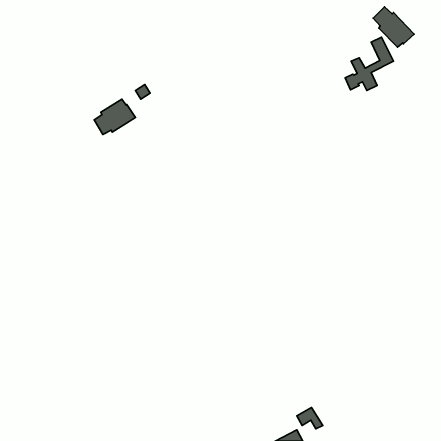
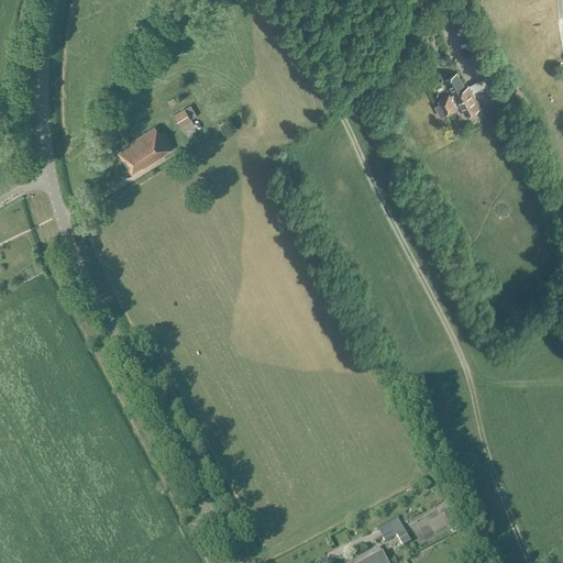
building: [373,7,414,47] -> none

